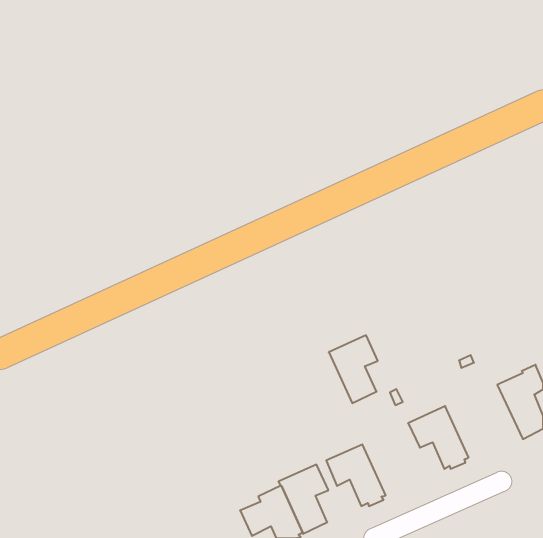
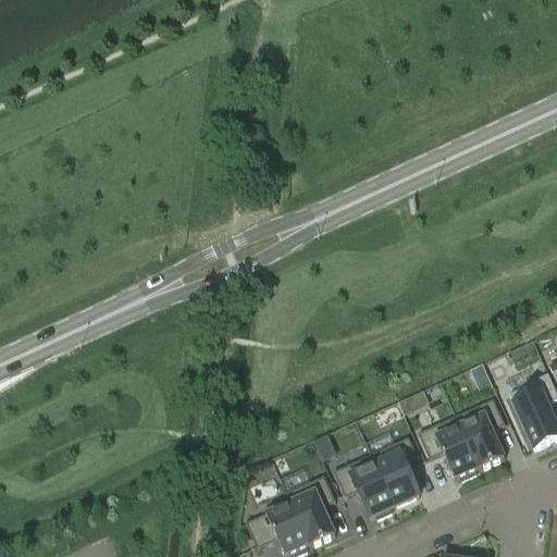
building: [329,335,378,403] -> [371,437,421,507]
building: none -> [456,399,505,470]

